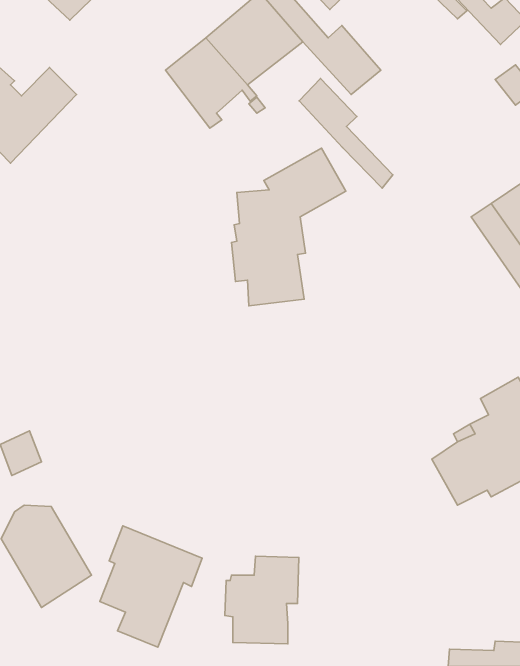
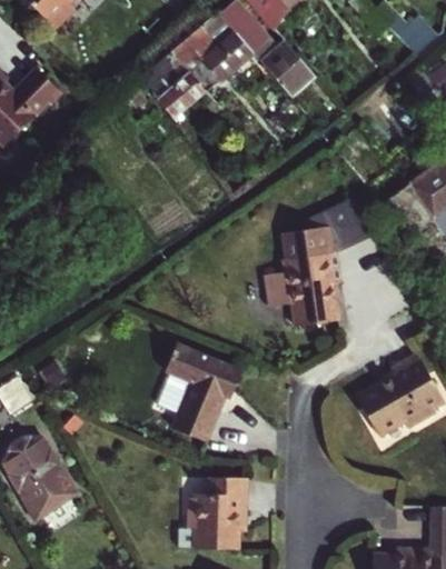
building: [299,79,393,188] -> none
building: [231,148,346,306] -> [279,196,374,326]
building: [100,526,202,647] -> [157,342,241,442]

